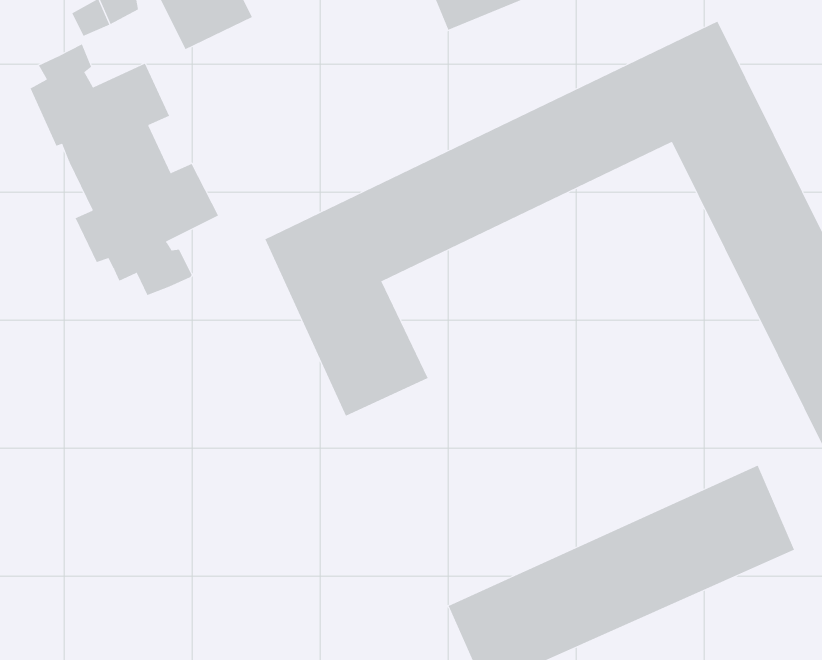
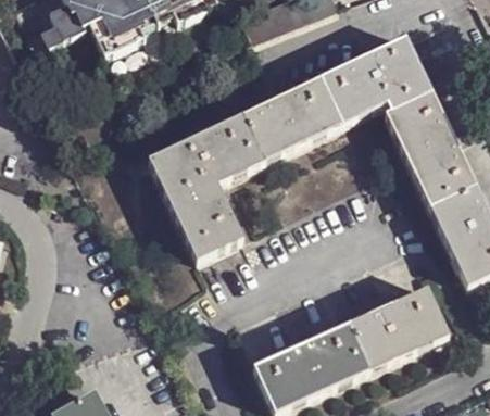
building: [30,44,219,296] -> none

